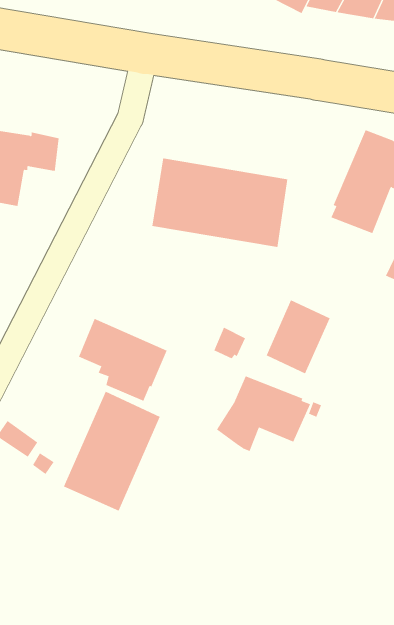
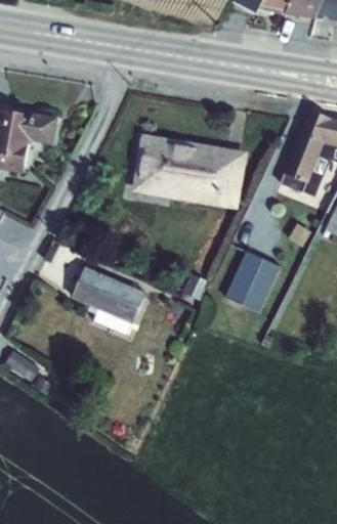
building: [216,376,311,452] -> none
building: [63,391,160,511] -> none

